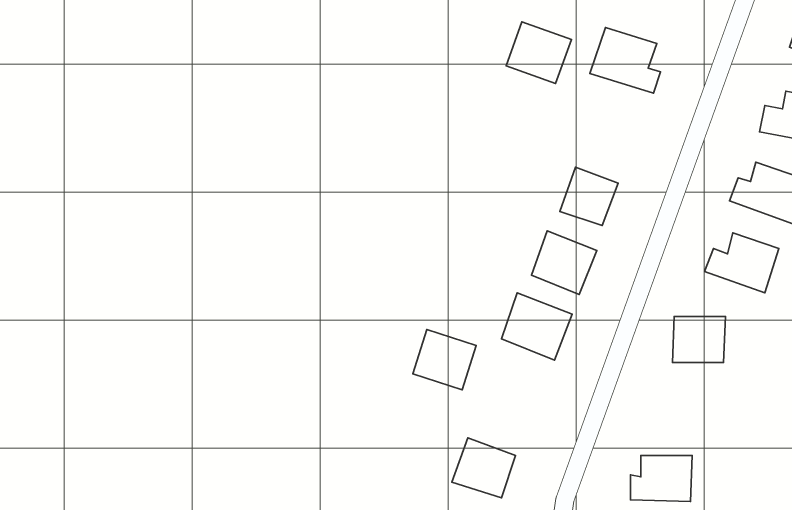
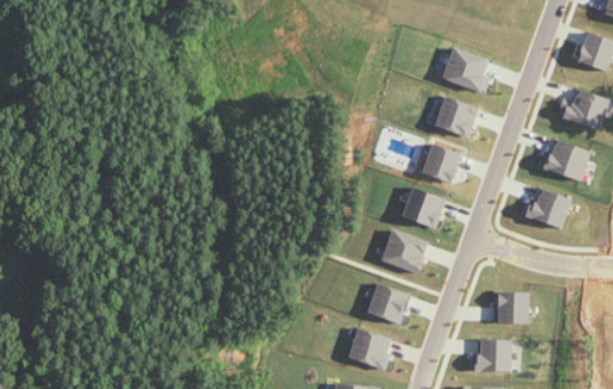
building: [506,22,571,84] -> [433,95,478,138]
building: [672,317,725,363] -> [491,291,527,323]
building: [413,330,476,390] -> [366,283,409,324]

